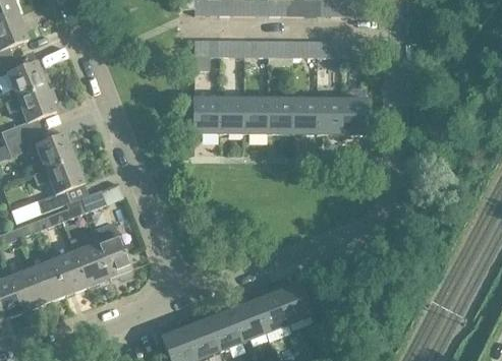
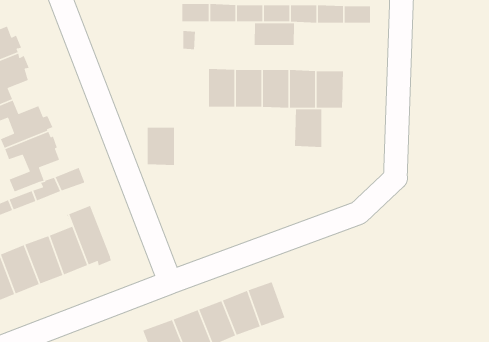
building: none -> [254,22,295,46]
building: [193,99,219,134] -> [147,127,175,166]
building: [341,101,367,136] -> [294,109,322,148]
building: [277,283,312,325] -> none

